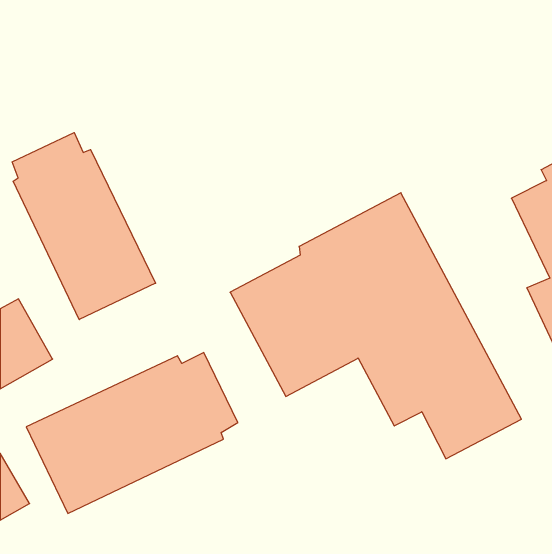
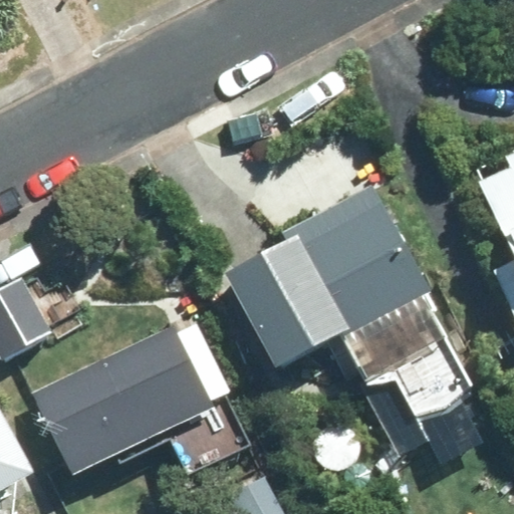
building: [12,133,156,320] -> none

